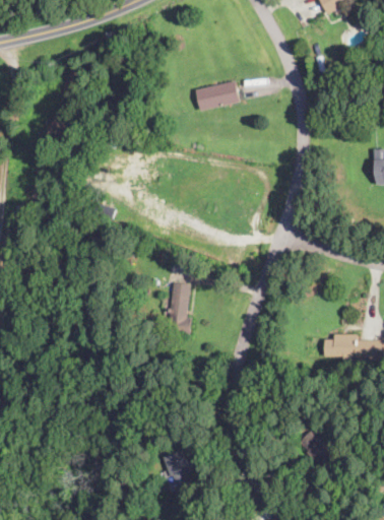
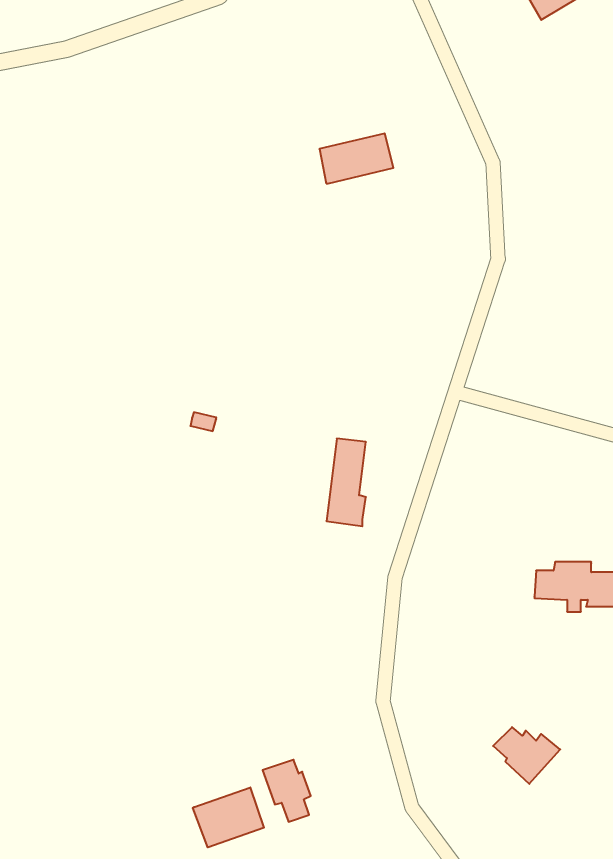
building: [167,282,190,334] -> [326,439,366,526]
building: none -> [193,787,264,847]

